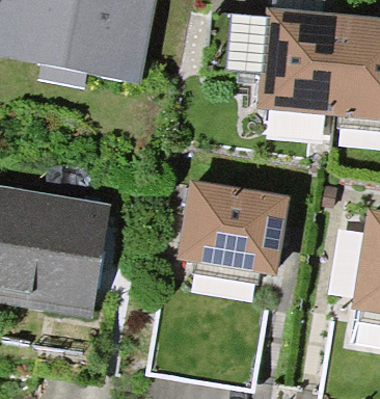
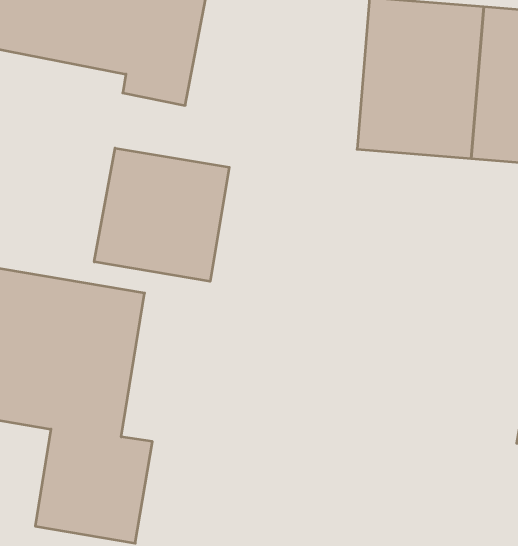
building: none -> [94,148,229,281]
building: [167,182,287,285] -> none

